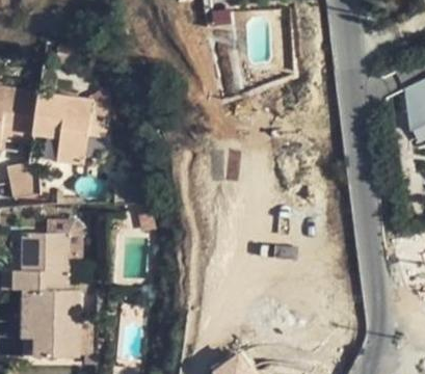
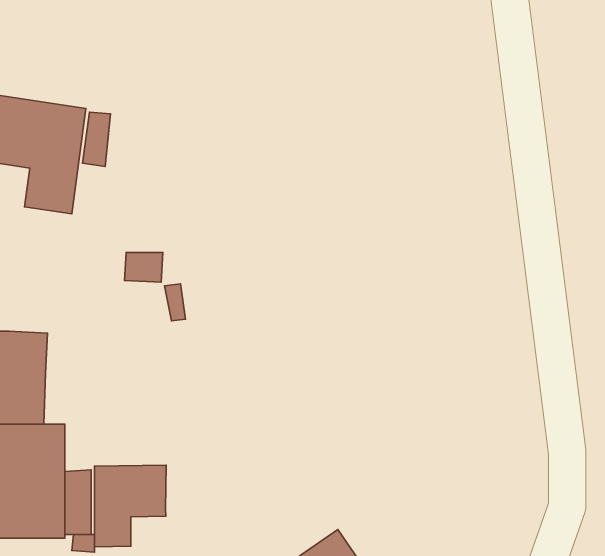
building: [46,219,82,260] -> none
building: none -> [95,465,166,547]

